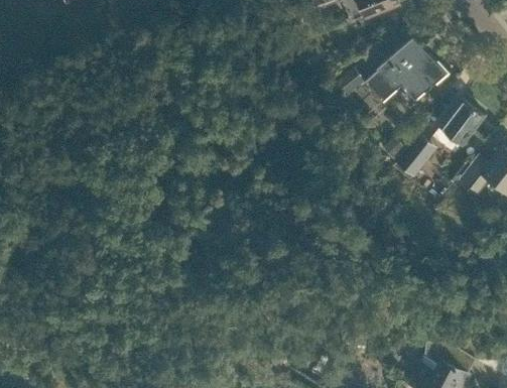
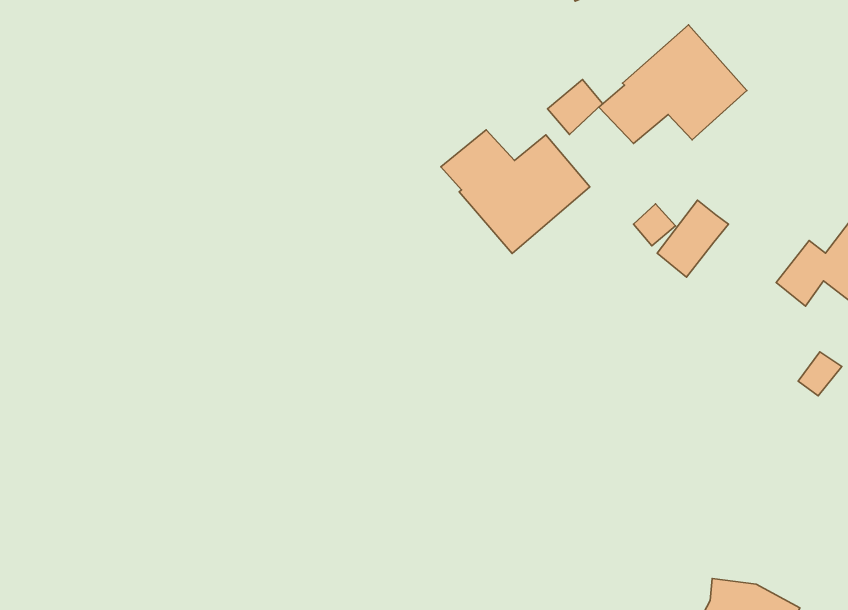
building: none -> [441,130,590,253]
building: [434,100,485,147] -> none

